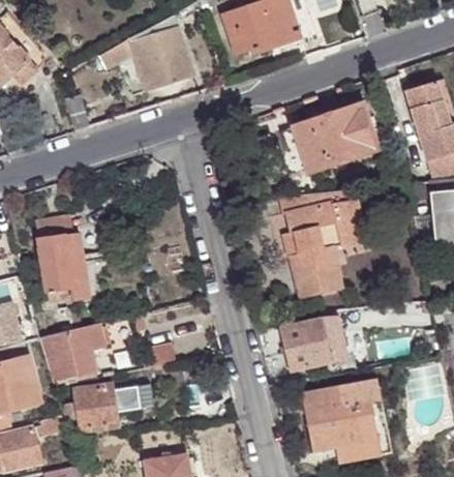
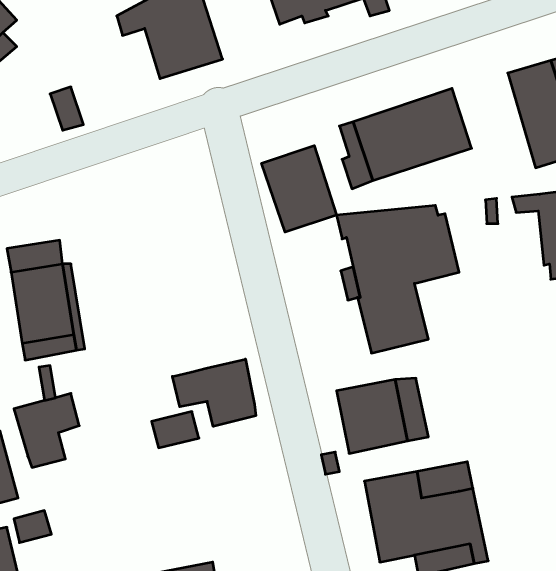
building: none -> [262,146,337,232]
building: none -> [172,359,256,426]
building: [71,324,107,377] -> none
building: [72,385,129,431] -> none

